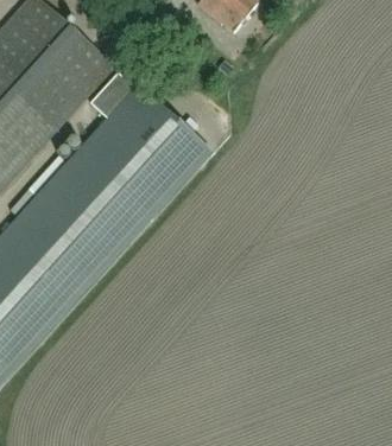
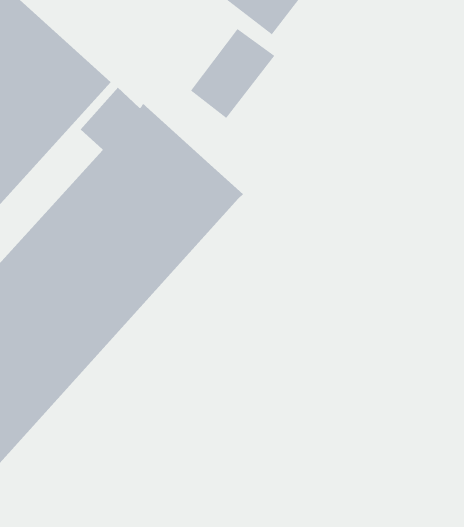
building: none -> [190,28,275,119]

